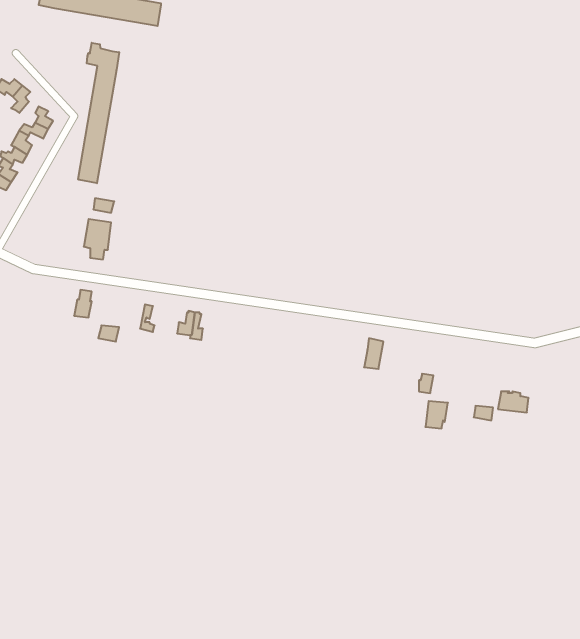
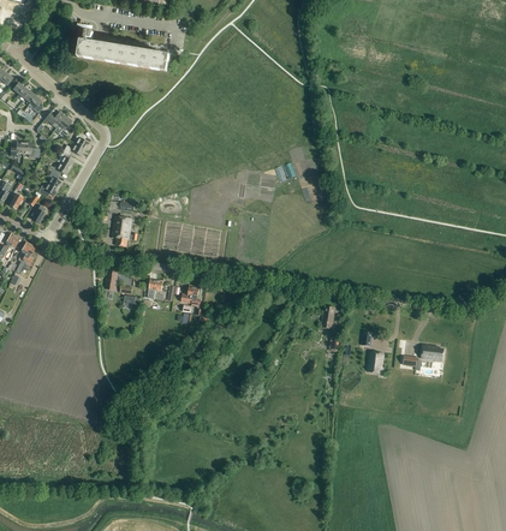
building: [78,43,119,183] -> none

